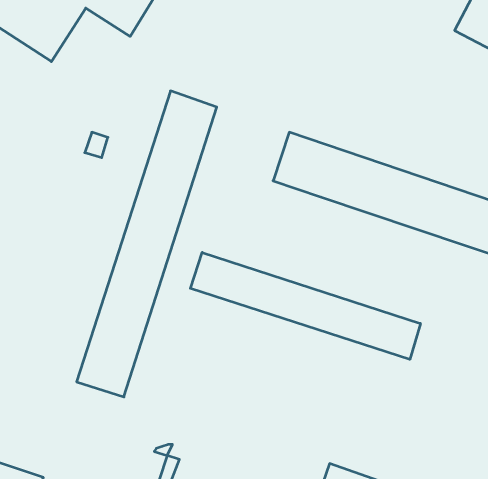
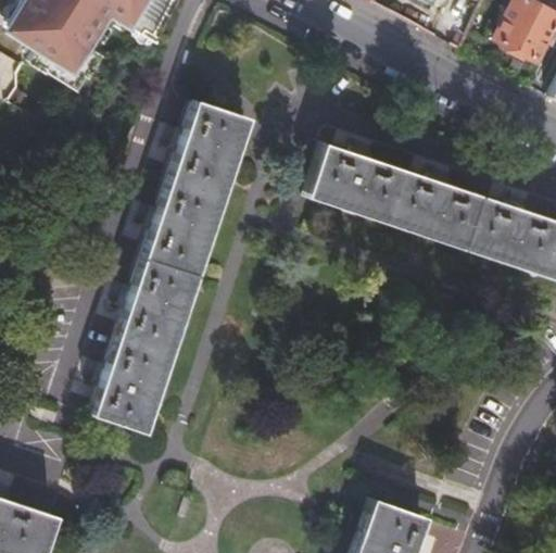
building: [190,252,420,359] -> none

